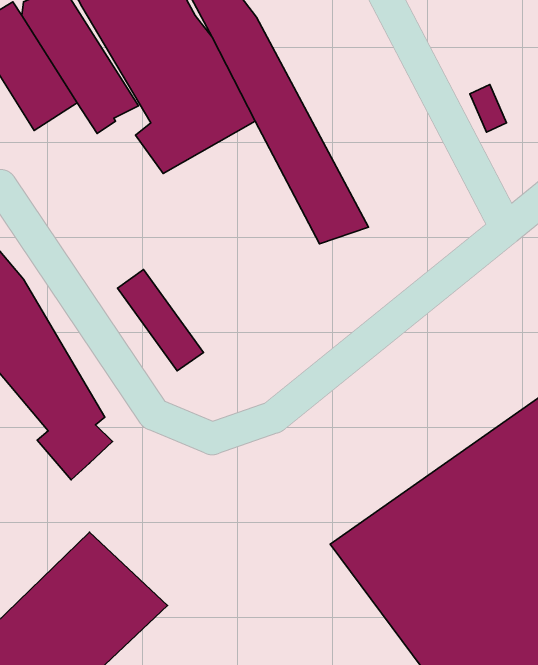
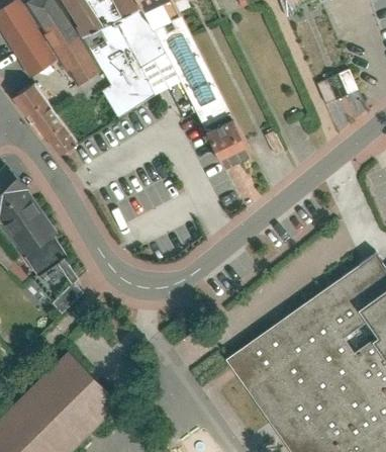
building: [118,270,203,371] -> [19,87,76,154]

